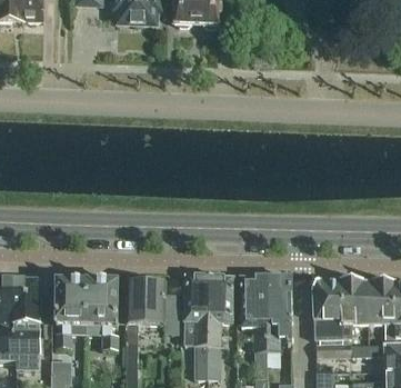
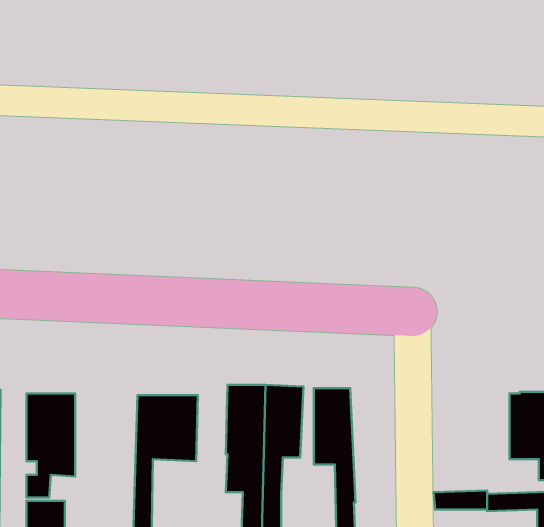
building: [264,277,292,350] -> none
building: [313,277,367,339] -> none
building: [88,280,119,348] -> none

